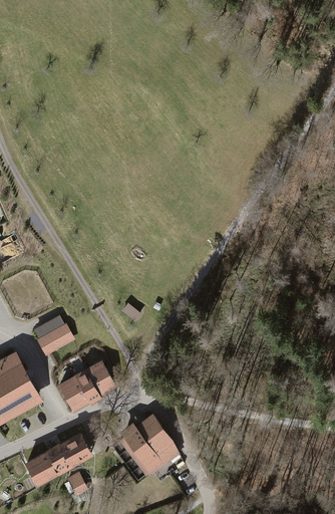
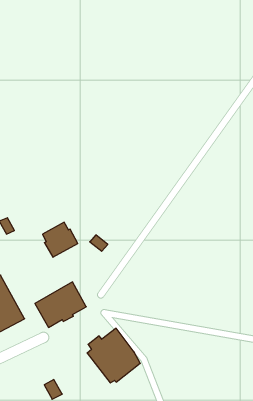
building: [33,316,74,357] -> [43,222,78,257]
building: [23,433,92,486] -> none

